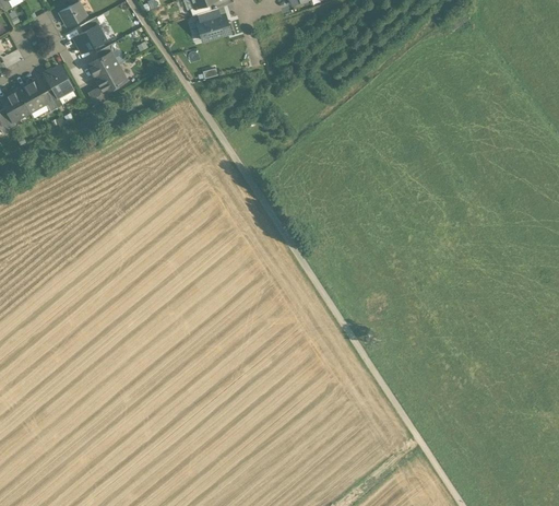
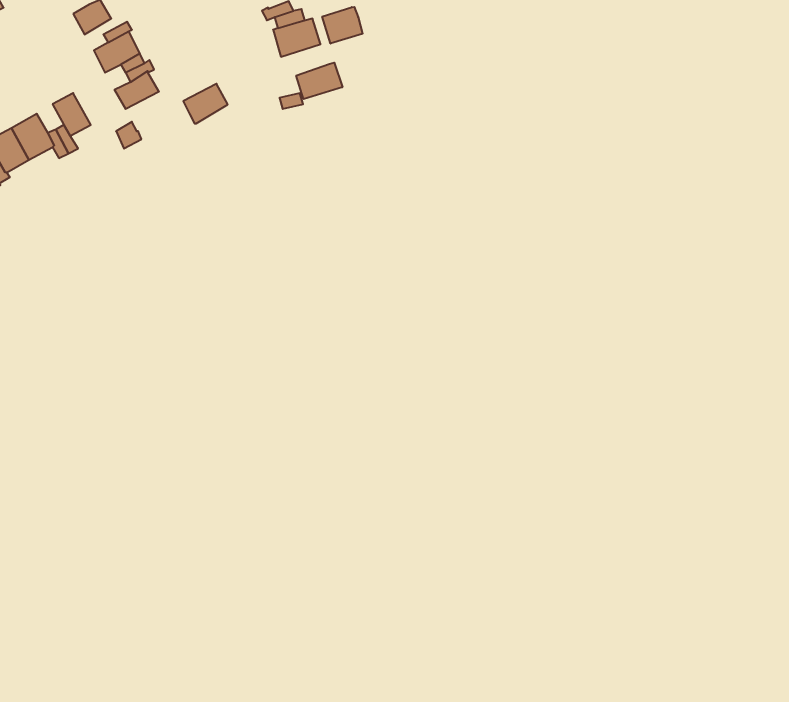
building: none -> [322,7,363,44]
building: none -> [296,63,342,99]
building: [95,64,126,92] -> [183,84,228,123]

